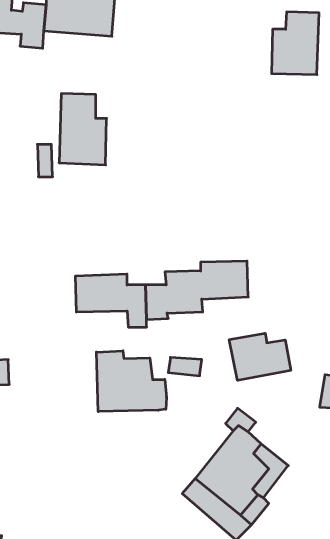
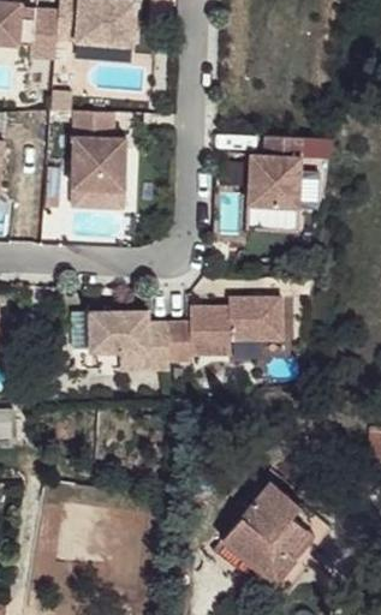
building: [272,12,319,75] -> [250,136,303,205]
building: [229,333,291,380] -> none
building: [96,351,166,412] -> none

